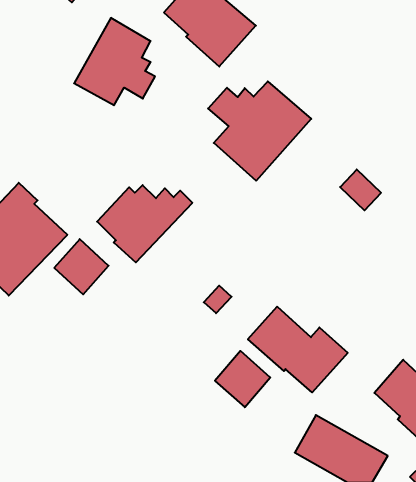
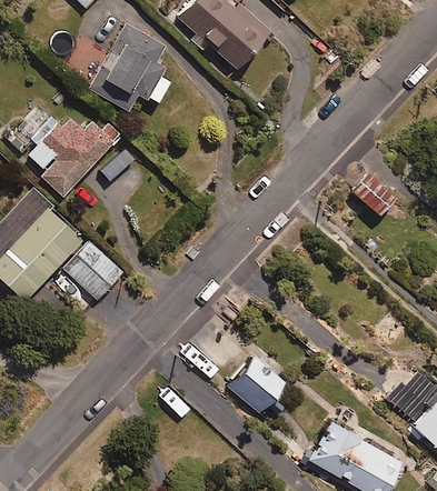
building: [208,81,311,181] -> none
building: [97,185,192,262] -> [24,118,120,196]
building: [248,307,348,392] -> none

